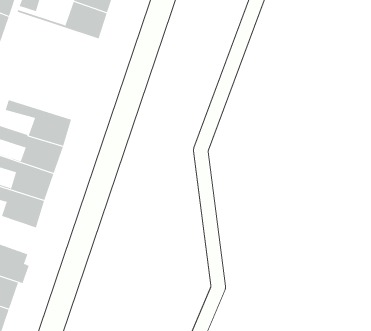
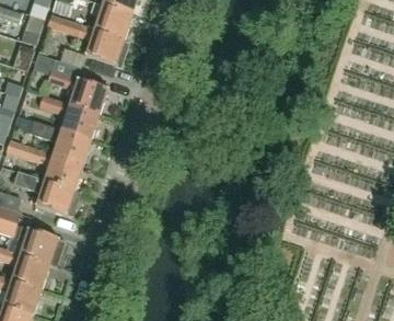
building: none -> [45,15,125,67]
building: none -> [40,59,108,115]

